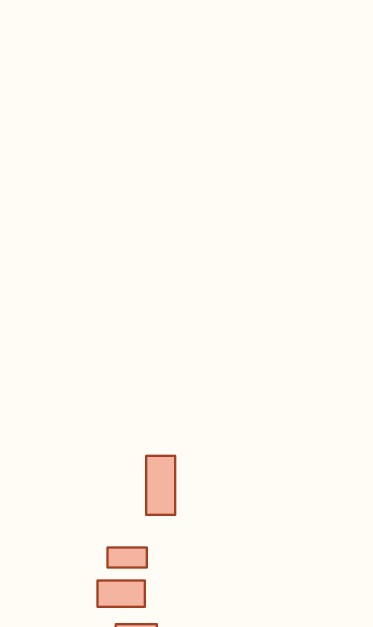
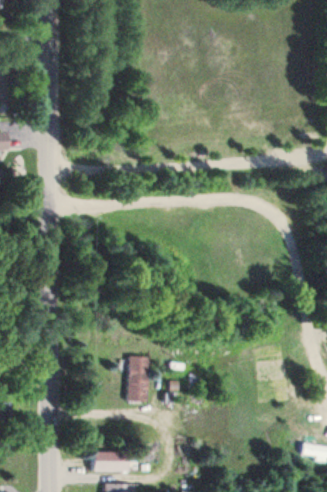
building: [108,547,147,568] -> none

